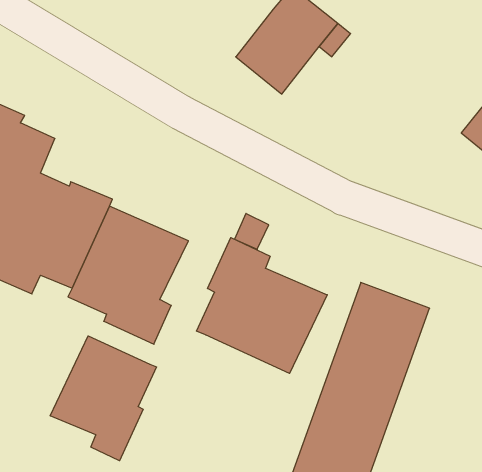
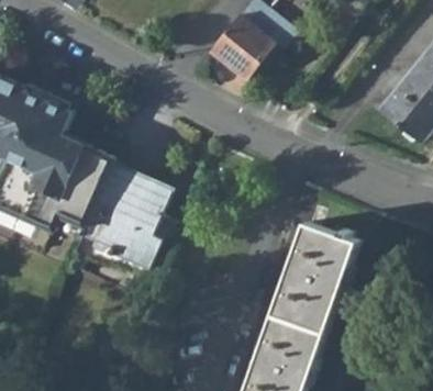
building: [196,238,327,373] -> none
building: [50,336,156,461] -> none

